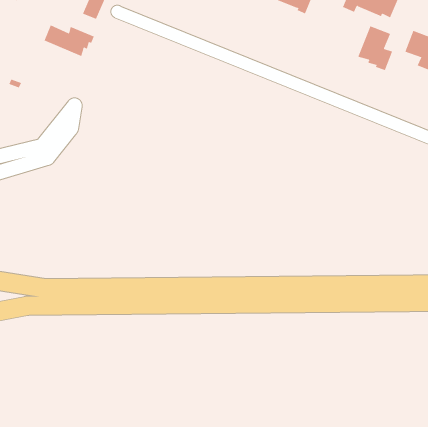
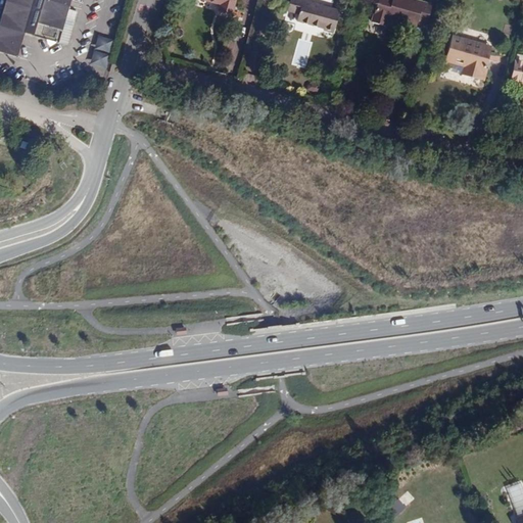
building: [44,25,94,57] -> none
building: [358,25,393,71] -> none

